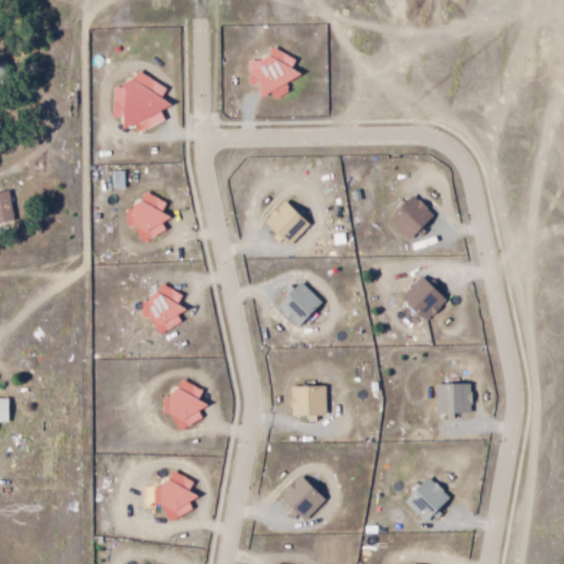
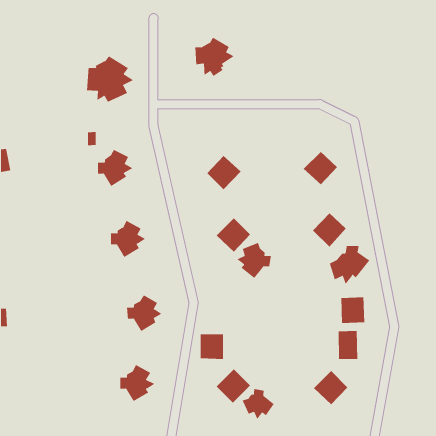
building: none -> [236,242,272,279]
building: none -> [329,245,370,285]
building: [294,384,325,417] -> [200,334,224,359]
building: none -> [338,330,358,360]
building: none -> [242,388,275,420]

